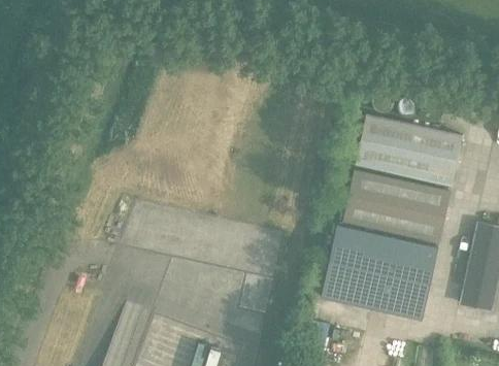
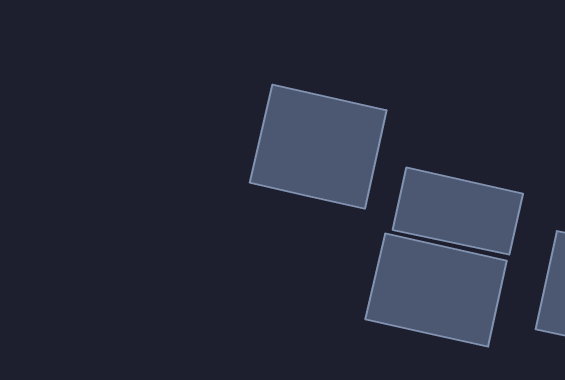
building: none -> [250,85,386,209]
building: [356,113,464,187] -> none

